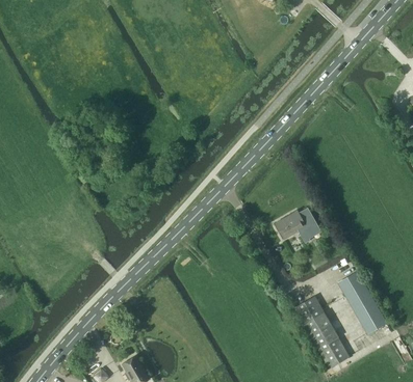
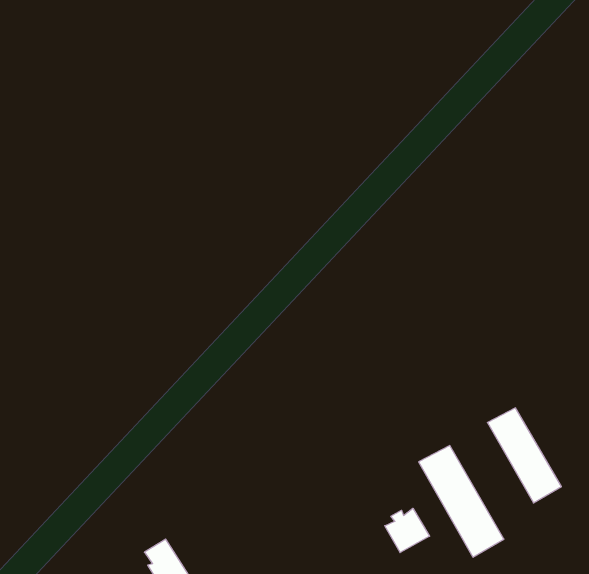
building: [275,208,319,242] -> none
building: none -> [385,508,430,553]

